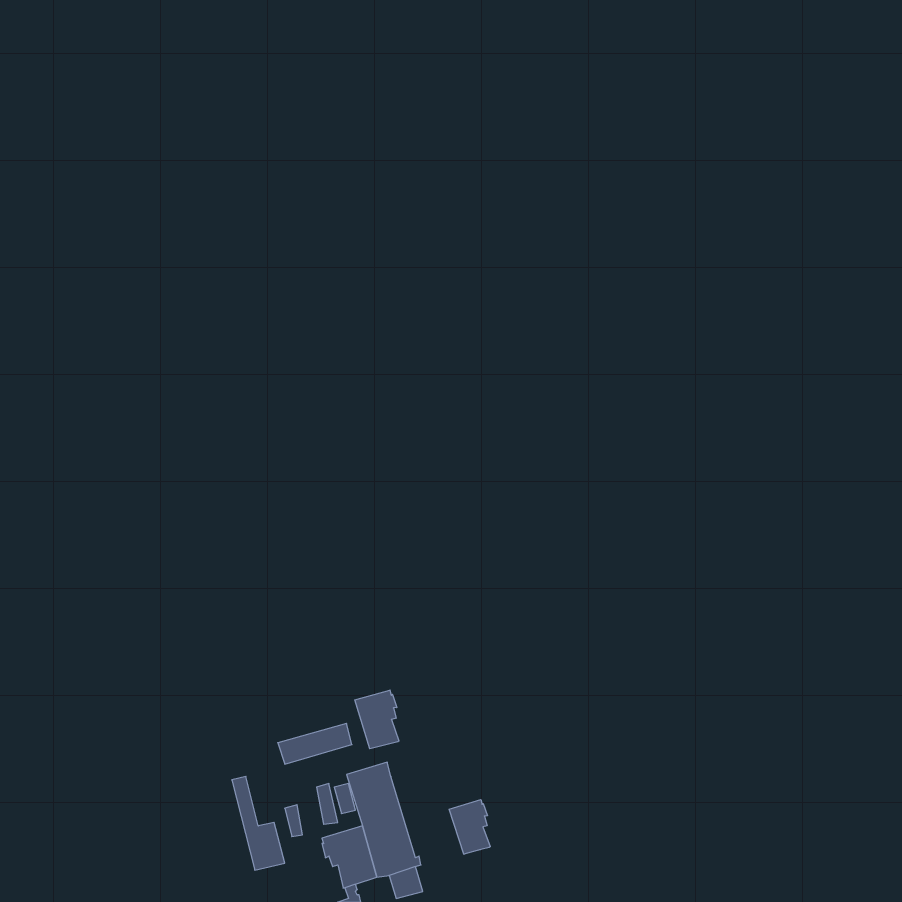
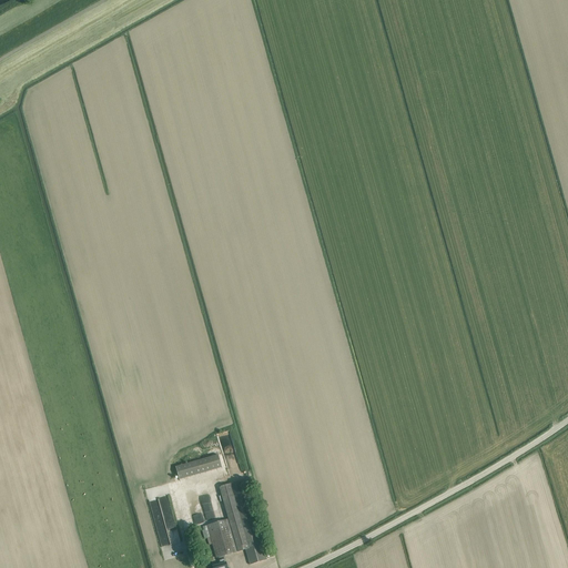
building: [355,690,399,749] -> none
building: [449,800,490,854] -> none

